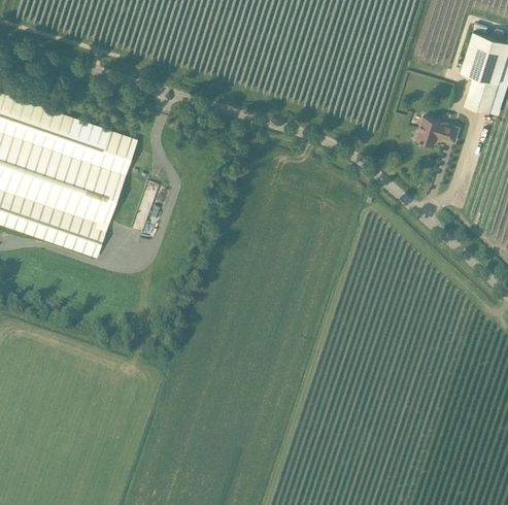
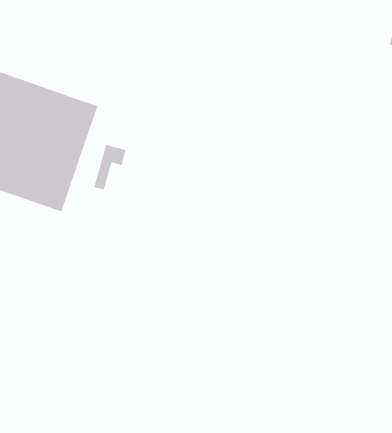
building: [414,117,456,145] -> none

